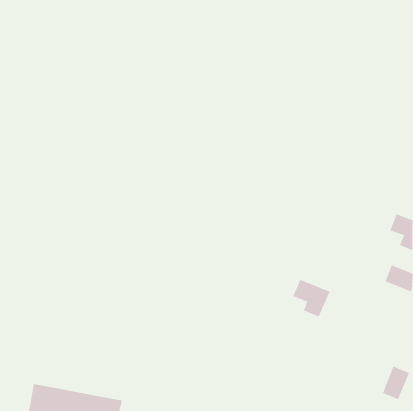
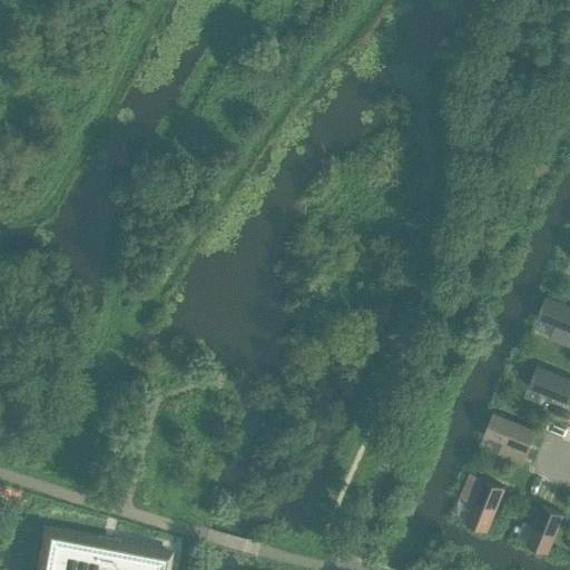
building: [293,279,331,318] -> [483,414,537,468]
building: none -> [460,475,505,533]

